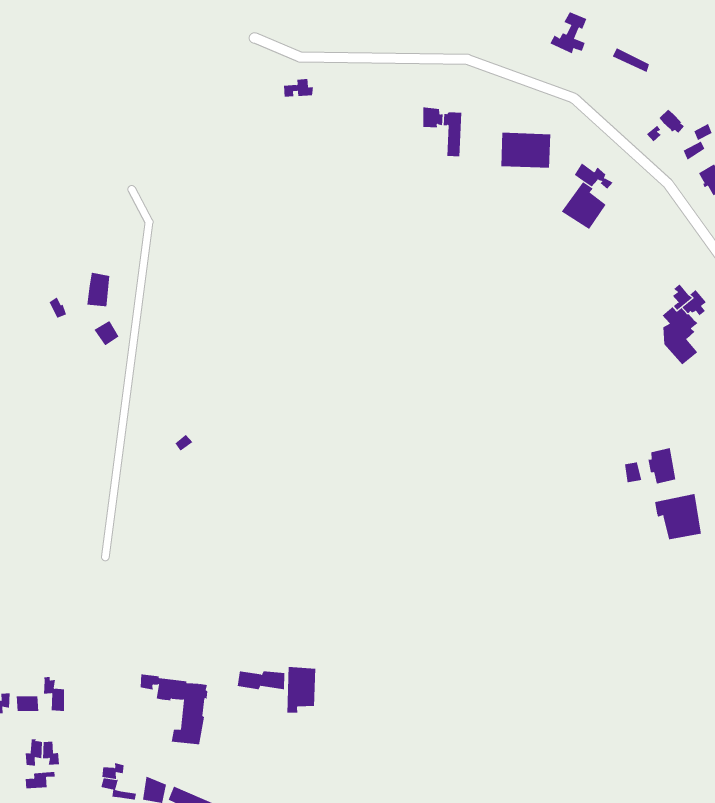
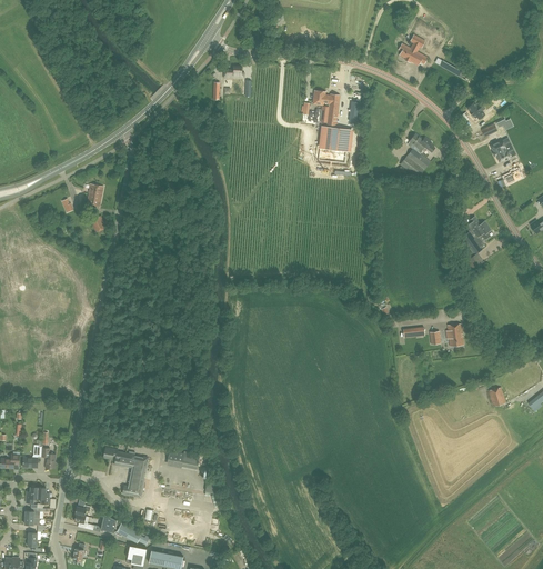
building: [500,132,551,168] -> [318,126,352,151]
building: [654,493,702,540] -> none
building: [287,666,316,714] -> none

